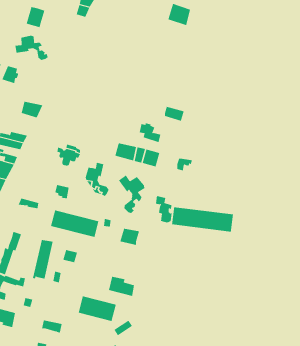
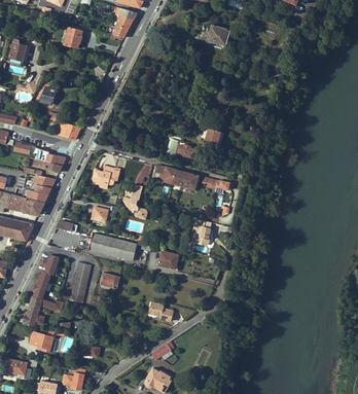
building: [15,35,49,61] -> none
building: [118,175,145,214] -> none
building: [172,206,233,232] -> none
building: [78,296,116,322] -> none

